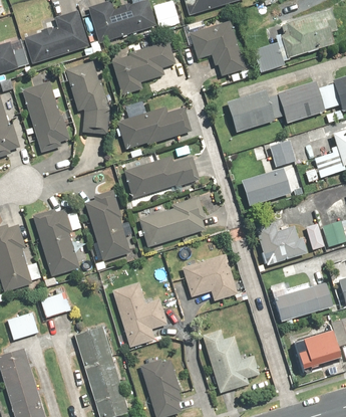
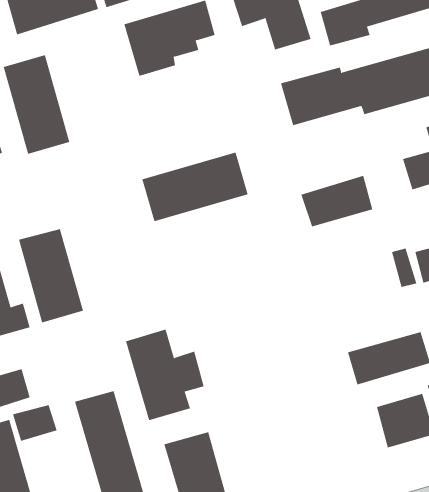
building: [63,57,109,135] -> none
building: [115,102,191,153] -> none
building: [268,138,296,168] -> none
building: [83,193,132,262] -> none
building: [136,196,210,249] -> none
building: [254,221,308,265] -> none
building: [180,252,239,301] -> none
building: [40,289,73,317] -> [12,404,58,442]
building: [202,329,263,392] -> none

